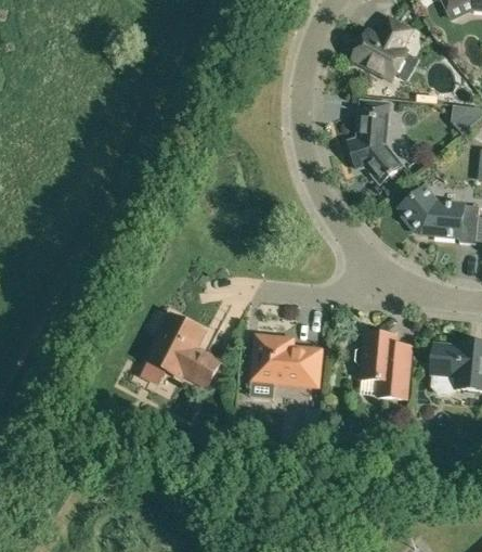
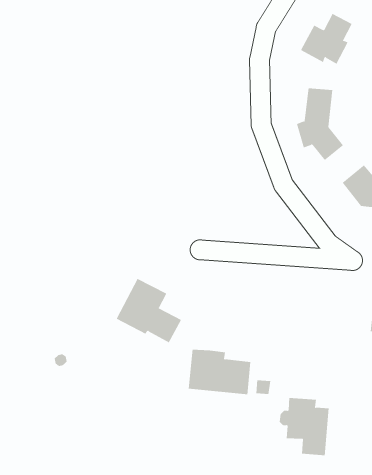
building: [354,333,411,398] -> [279,398,329,456]
building: [251,335,322,386] -> [188,349,251,395]

